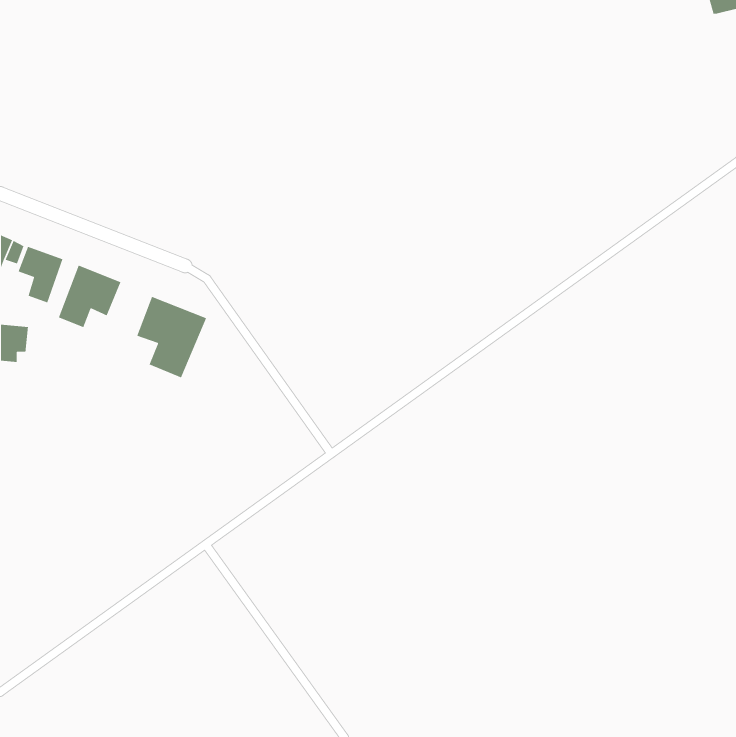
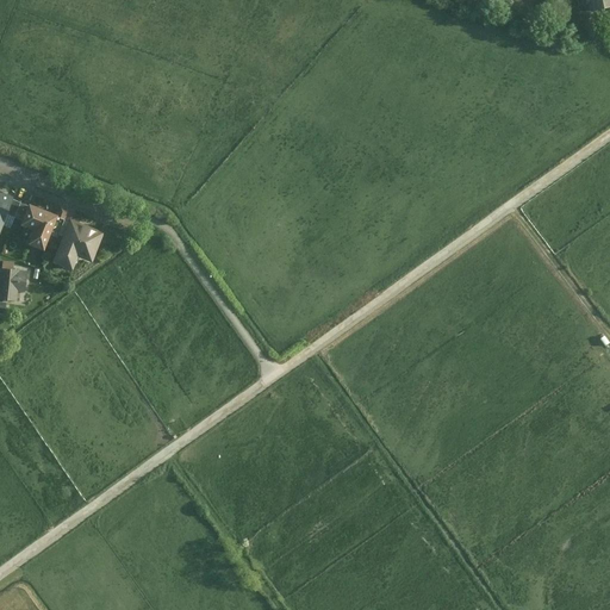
building: [136,296,207,378] -> none

